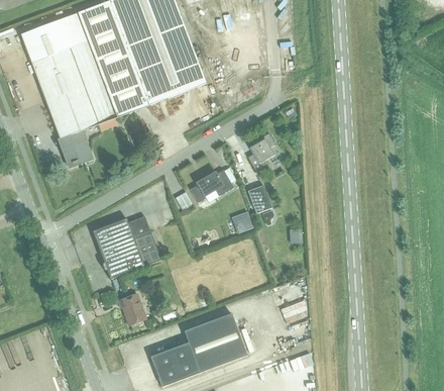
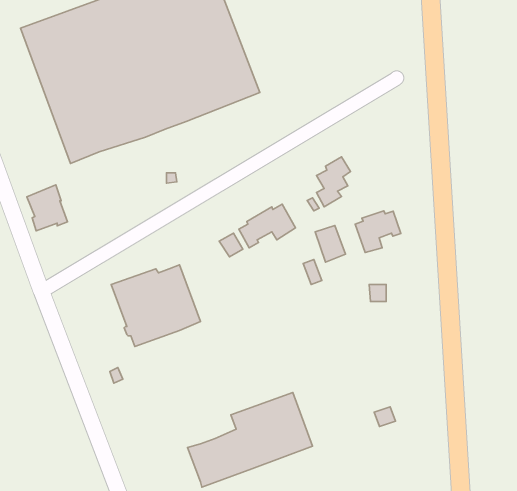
building: [61,128,92,164] -> [27,185,68,231]
building: none -> [355,211,401,252]
building: [118,293,146,325] -> none

